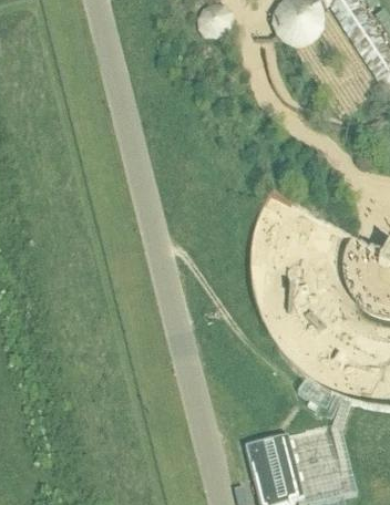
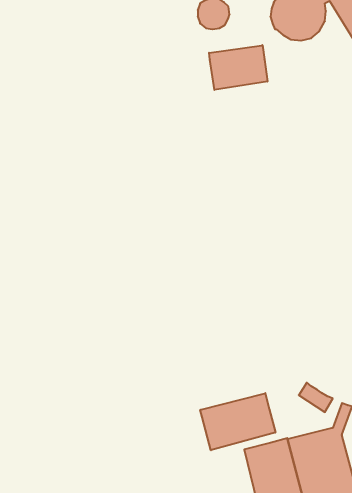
building: none -> [209,45,267,90]
building: none -> [200,393,275,450]

